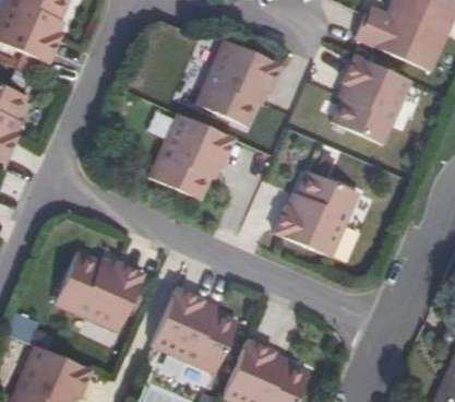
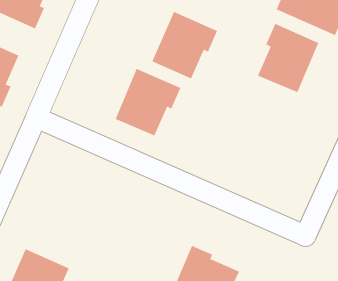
building: [273,168,358,256] -> none
building: [55,250,143,329] -> none
building: [151,286,237,371] -> none

